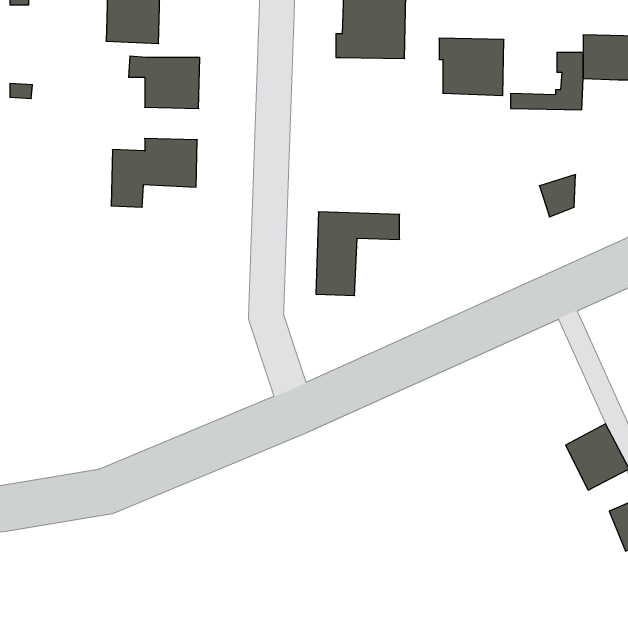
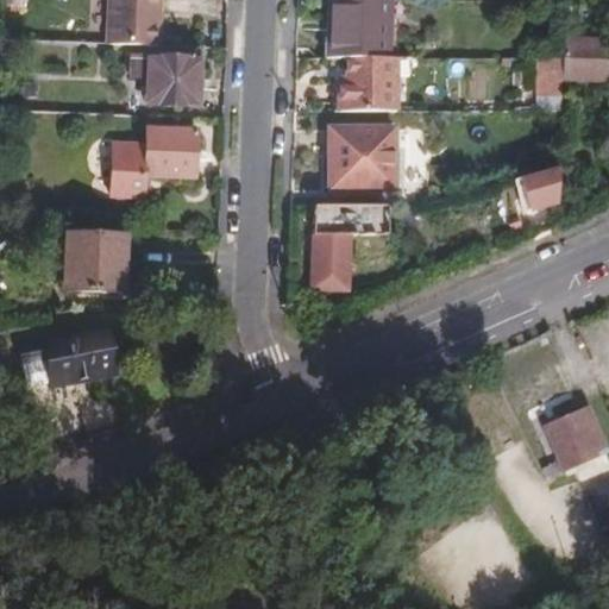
building: [439,38,504,96] -> [333,55,395,109]
building: none -> [331,125,396,184]
building: none -> [65,234,125,291]
building: none -> [18,325,117,385]

